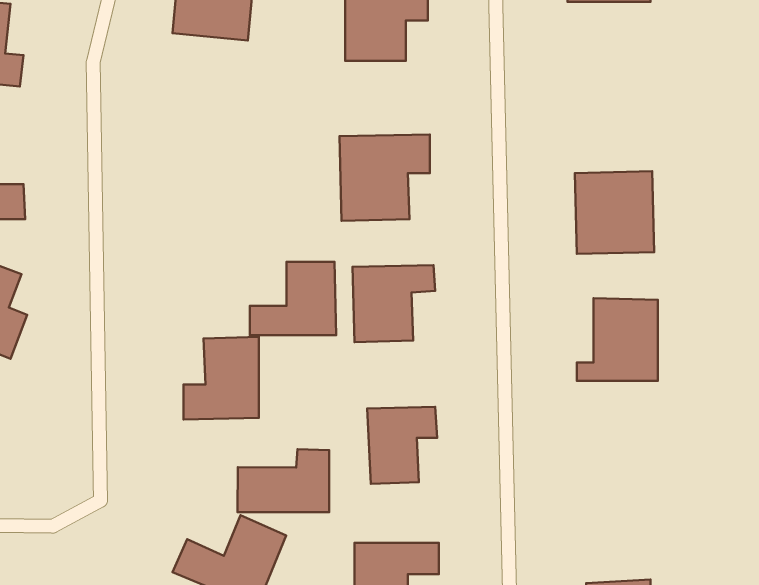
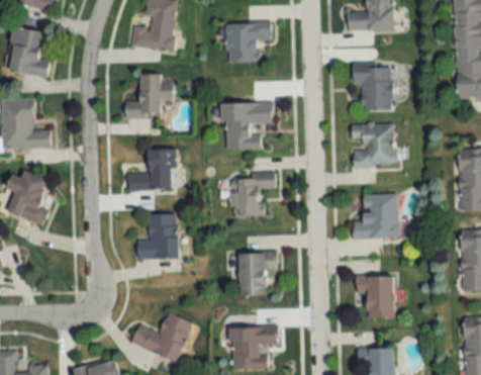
building: none -> [353,65,392,110]
building: none -> [125,74,173,117]
building: [250,262,336,335] -> [127,149,175,189]
building: none -> [356,275,393,316]
building: [237,449,329,512] -> none

